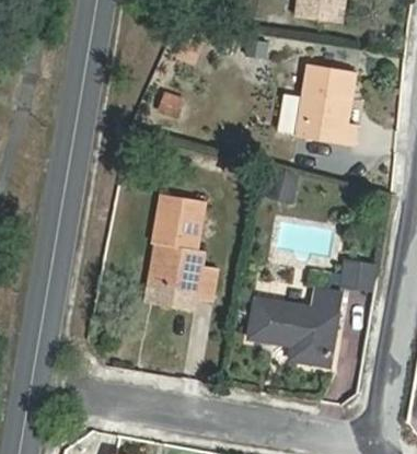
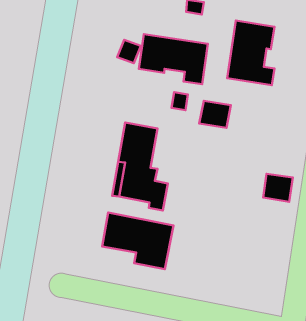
building: none -> [139,34,208,84]
building: [250,296,339,368] -> [102,212,174,269]

